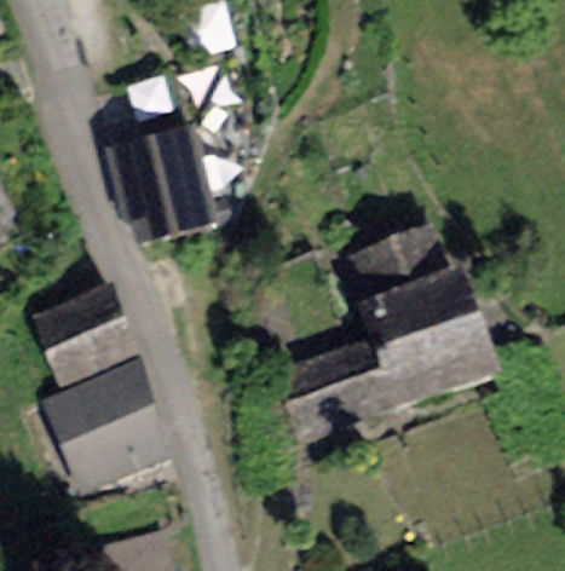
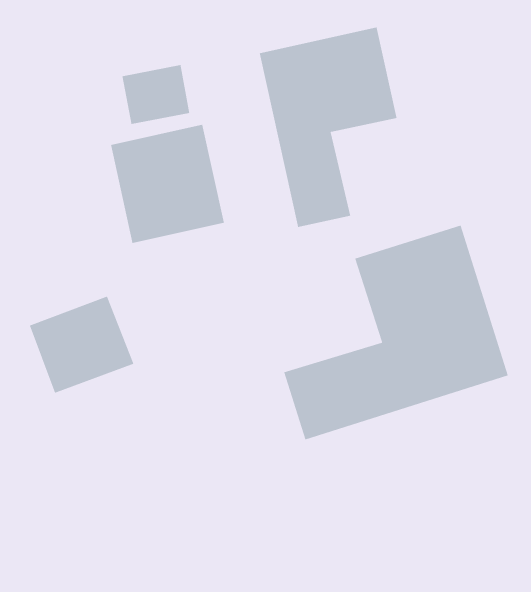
building: none -> [259,27,398,228]
building: [46,367,175,495] -> none

